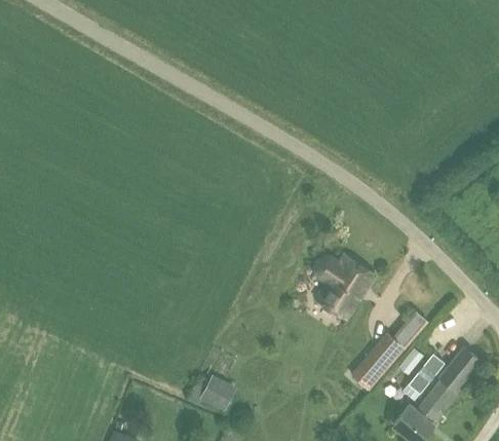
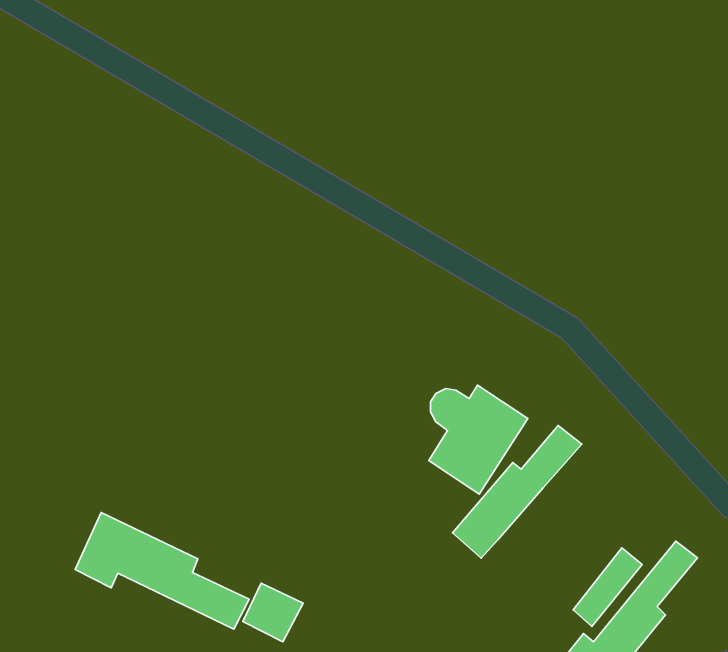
building: [349,309,428,391] -> [453,426,582,558]
building: none -> [75,513,249,629]

